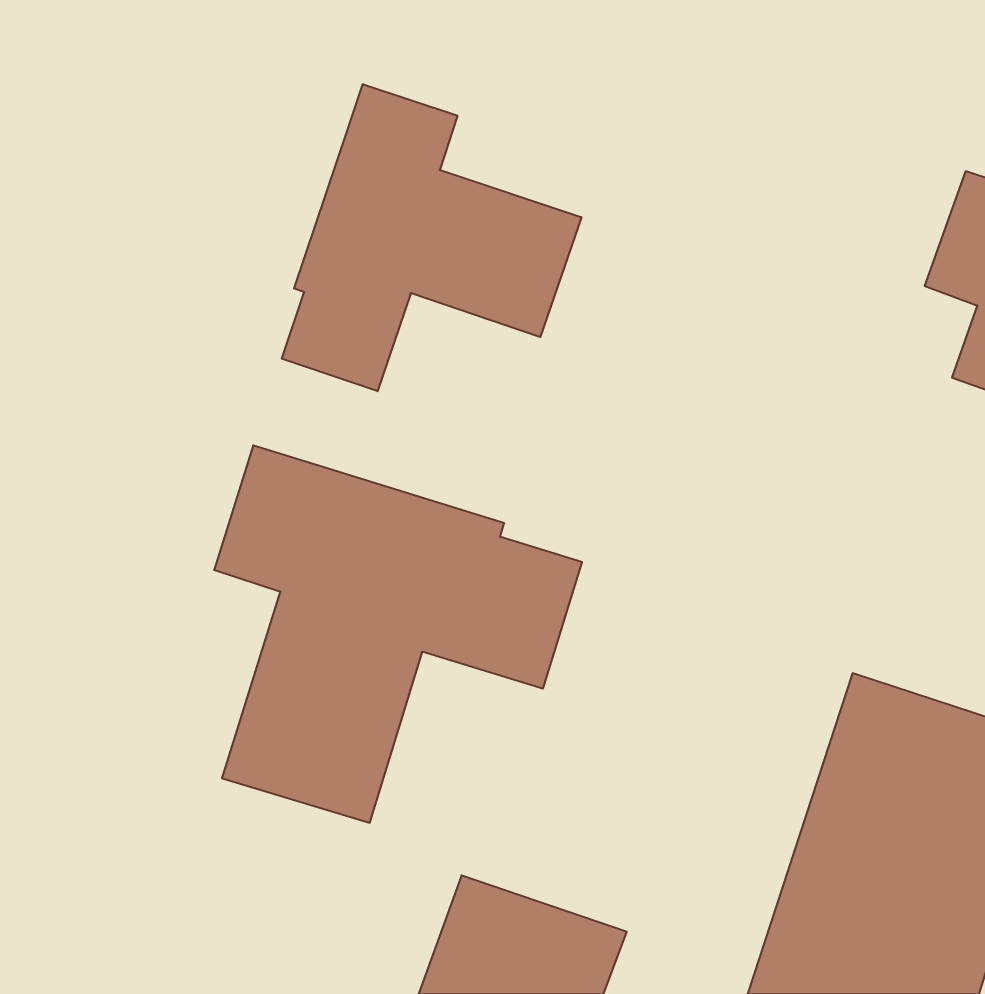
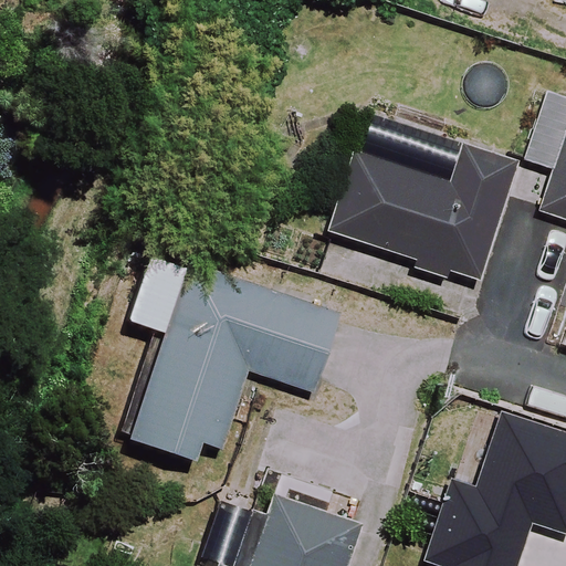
building: [282,84,581,391] -> none
building: none -> [331,117,513,283]

